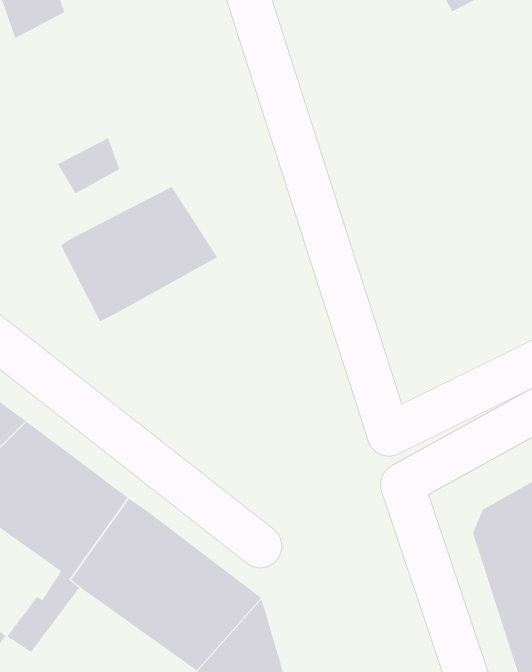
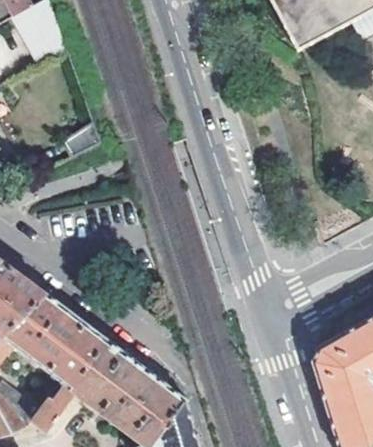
building: [60,186,218,322] -> none

